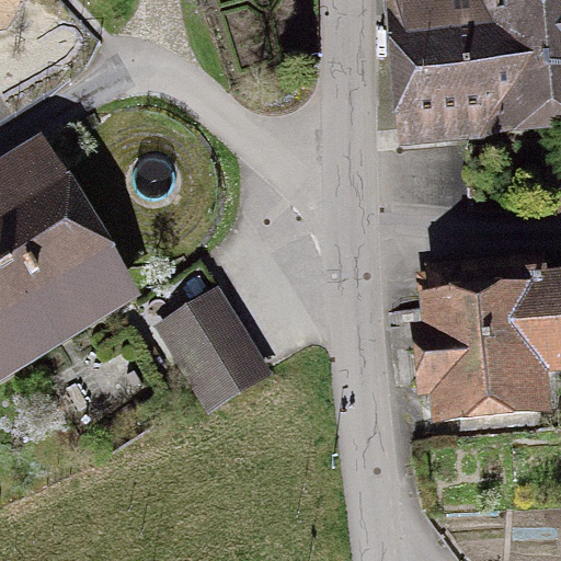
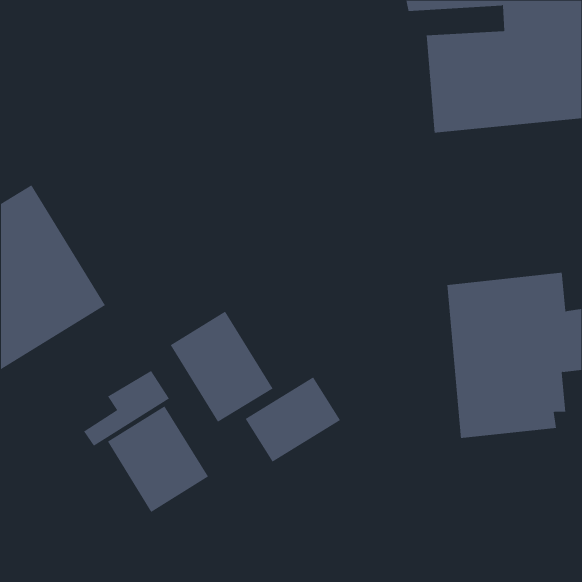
building: none -> [245,376,341,463]
building: none -> [107,405,209,513]

